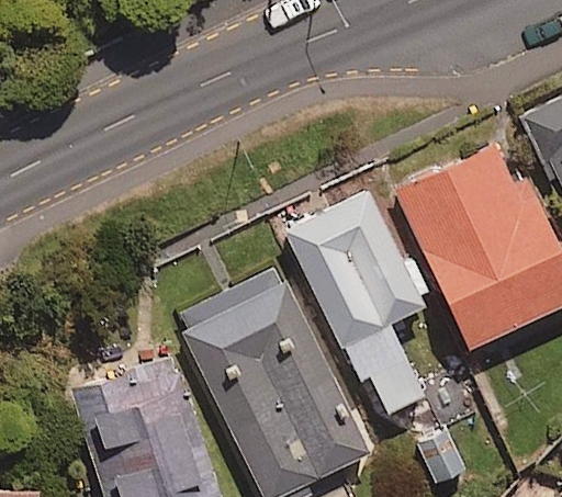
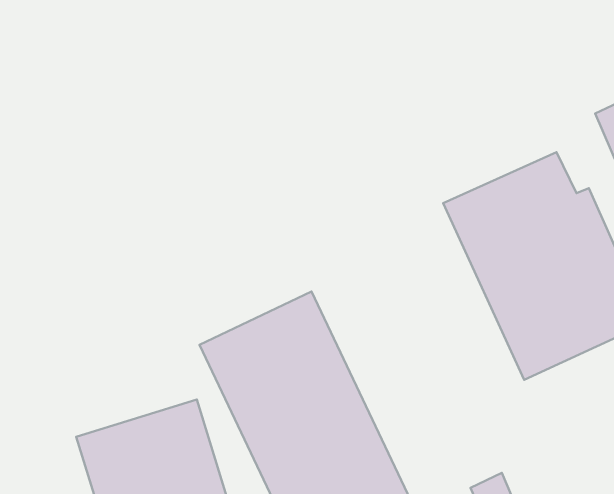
building: [284,192,424,413] -> none

